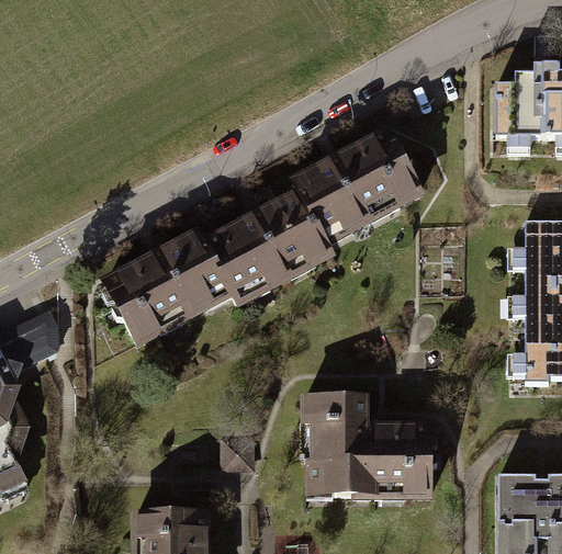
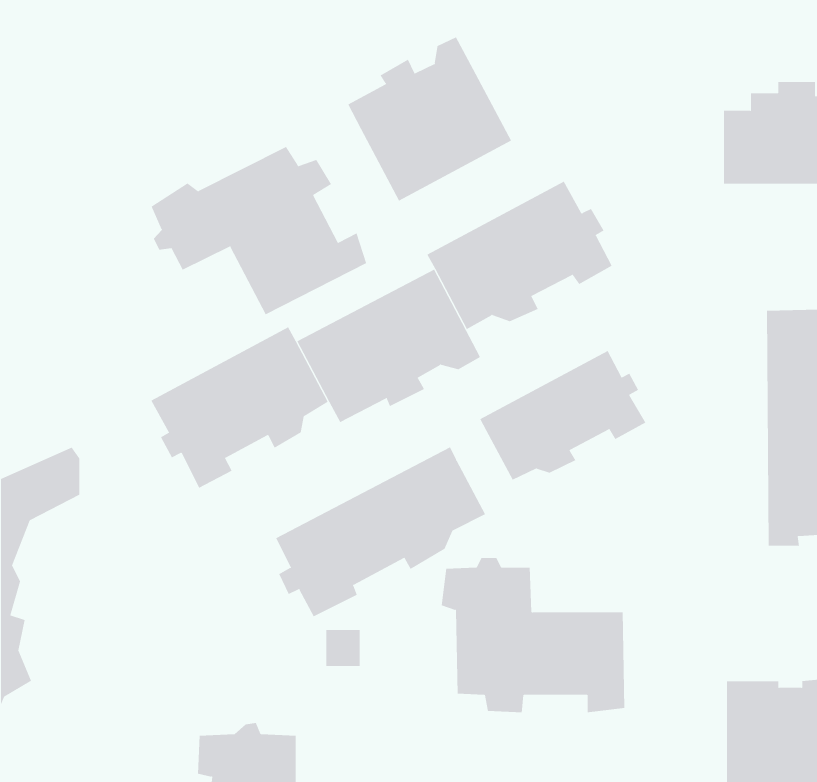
building: none -> [347,36,512,201]
building: none -> [151,146,367,315]
building: none -> [480,350,646,480]
building: none -> [275,447,486,617]

